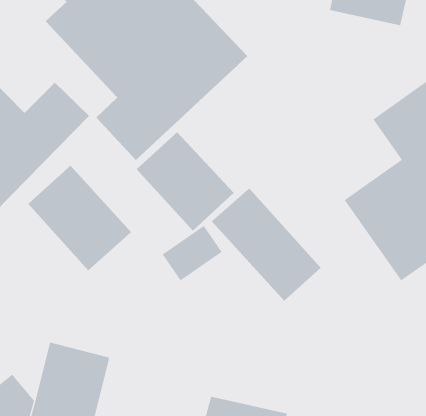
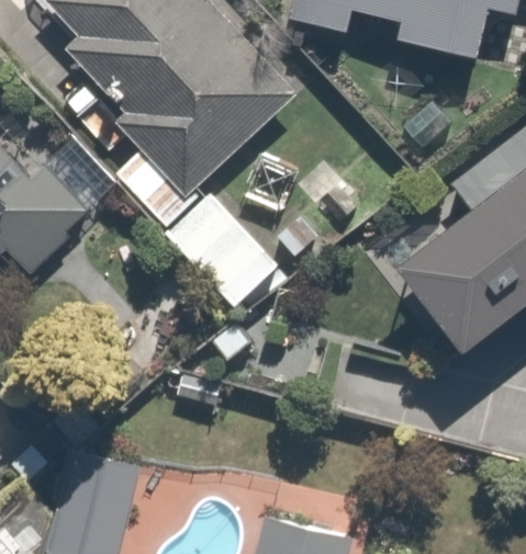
building: [28,165,132,271] -> none
building: [211,188,321,302] -> none

